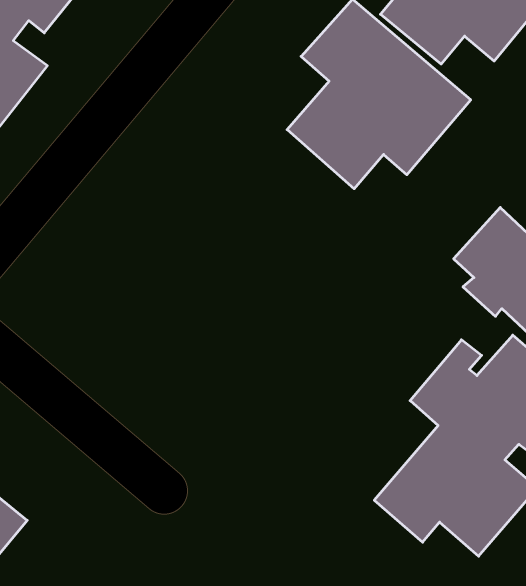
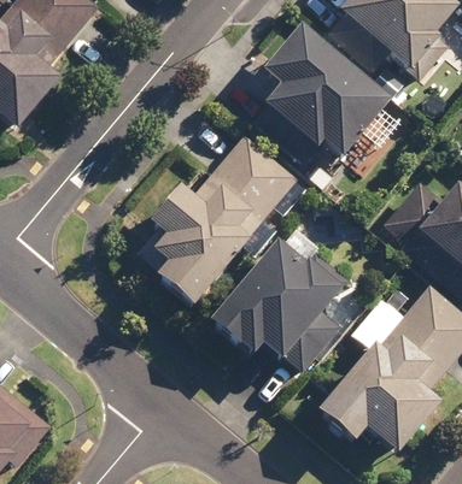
building: none -> [136,130,297,300]
building: none -> [212,218,346,359]

